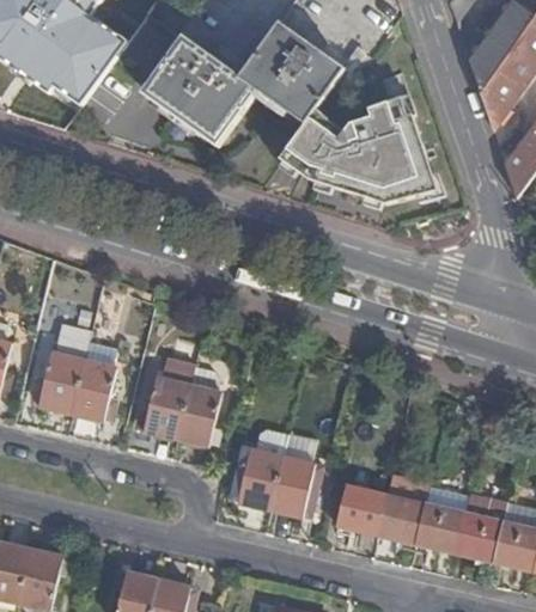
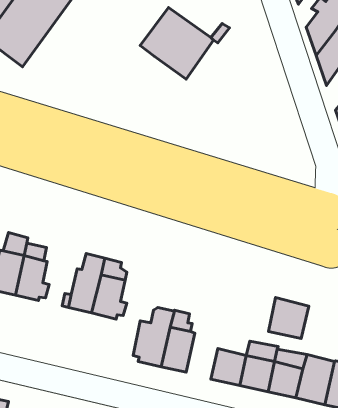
building: [145,42,258,146] -> none
building: [282,86,451,200] -> none
building: none -> [269,298,309,338]

